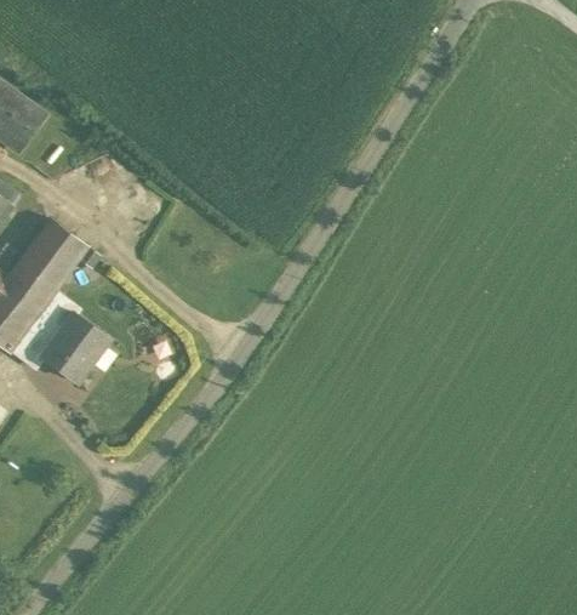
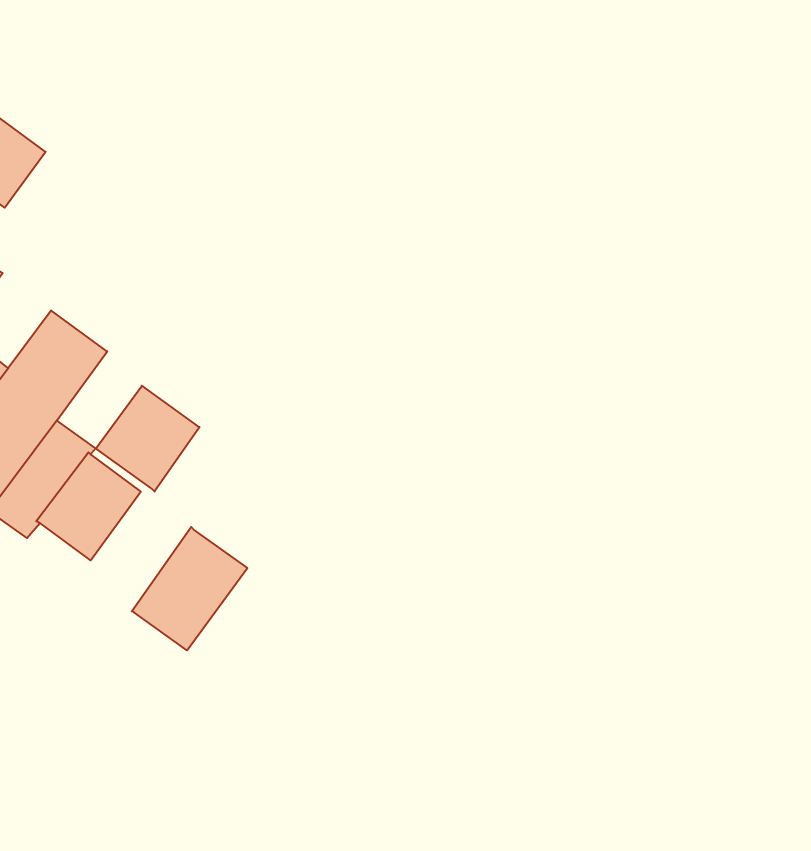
building: none -> [96,386,200,492]
building: none -> [132,527,247,650]

